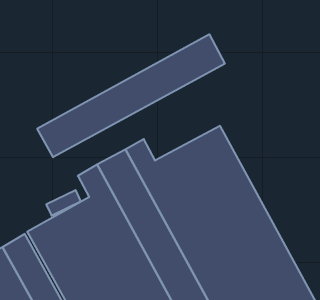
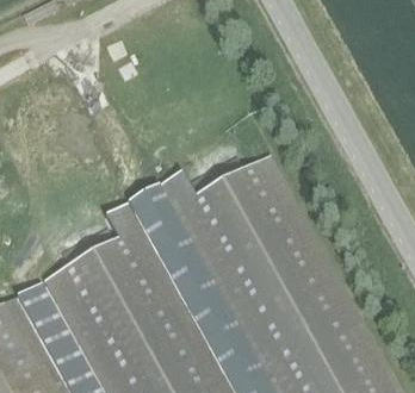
building: [37,34,225,157] -> none

